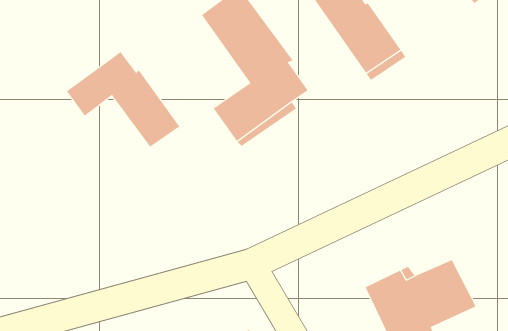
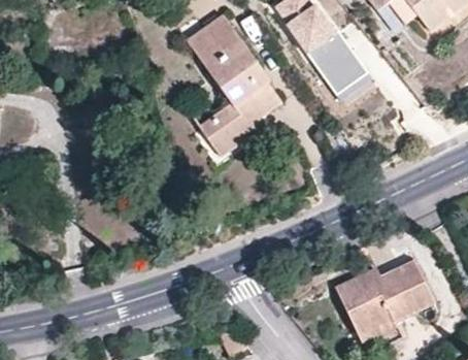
building: [66,51,180,148] -> none

